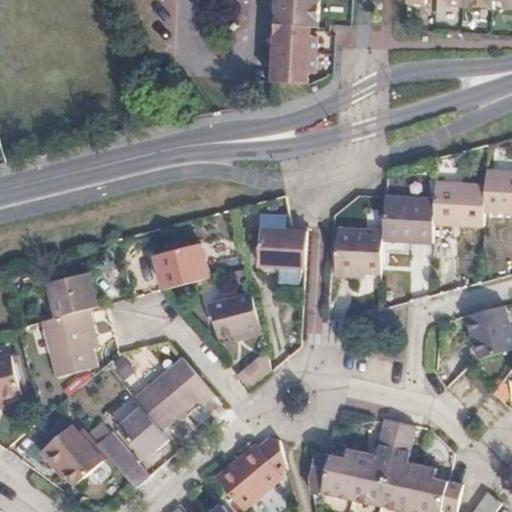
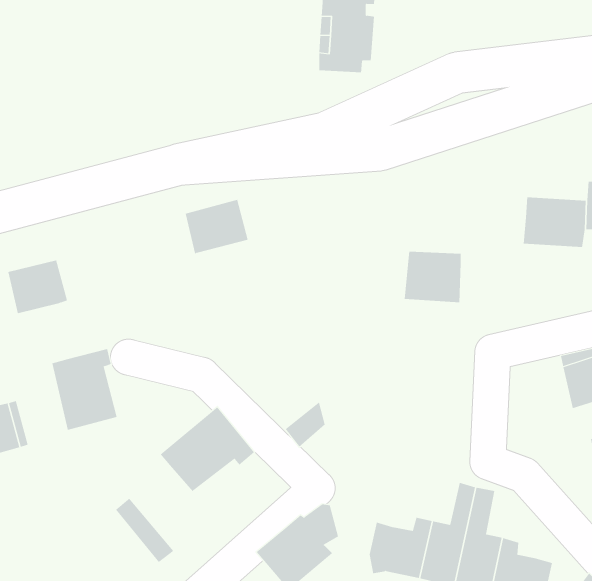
building: [385,196,438,240] -> none
building: [253,225,304,265] -> none
building: [154,244,207,290] -> [185,199,249,254]
building: [47,272,97,317] -> [8,260,68,314]
building: [210,292,260,338] -> none
building: [116,405,168,457] -> none
building: [37,421,98,479] -> none

